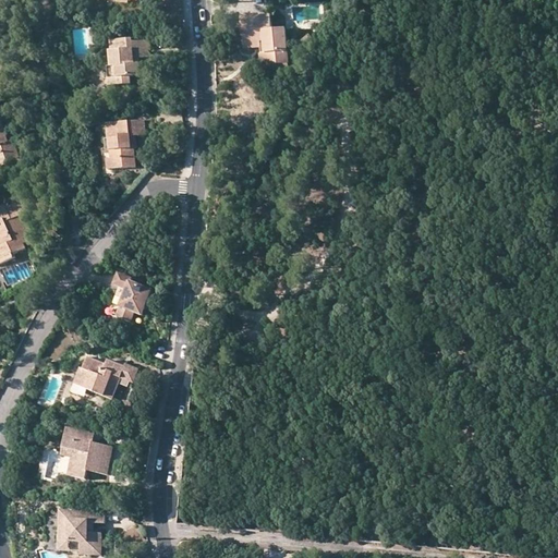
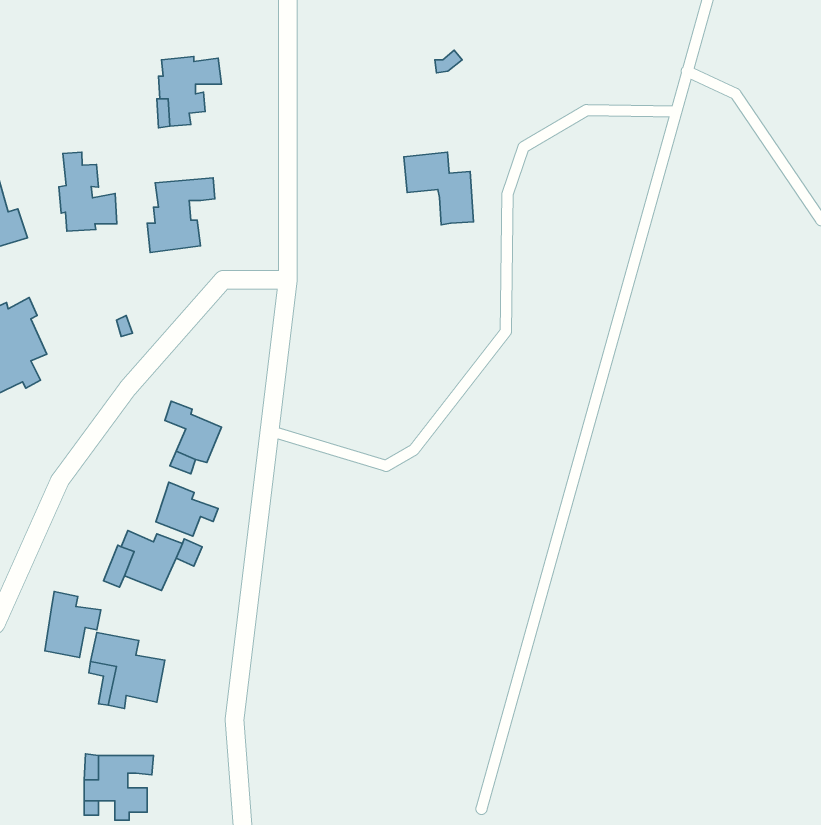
building: [239,15,286,64] -> [404,152,473,225]
building: none -> [59,152,117,231]
building: none -> [156,482,218,536]
building: none -> [45,591,101,658]

